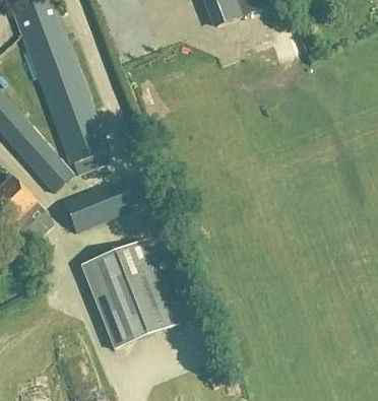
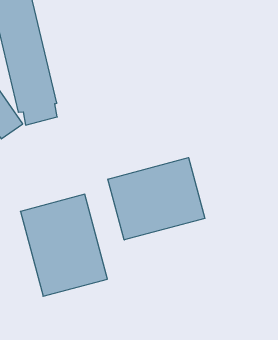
building: [64,179,133,231] -> none
building: none -> [108,158,205,240]

